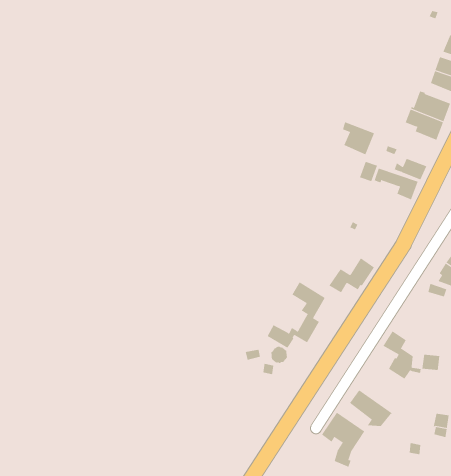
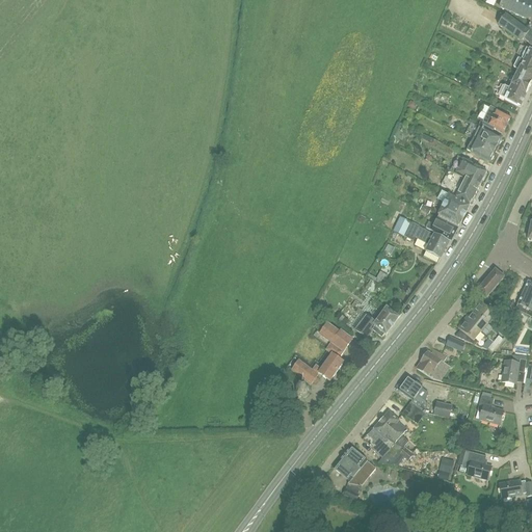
building: [342,121,375,155] -> [438,190,469,223]
building: none -> [417,348,447,375]
building: none -> [373,409,413,458]

